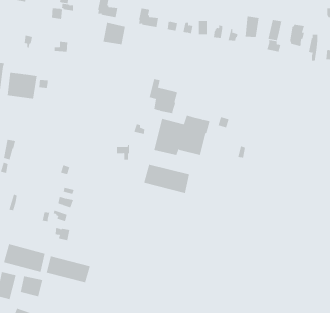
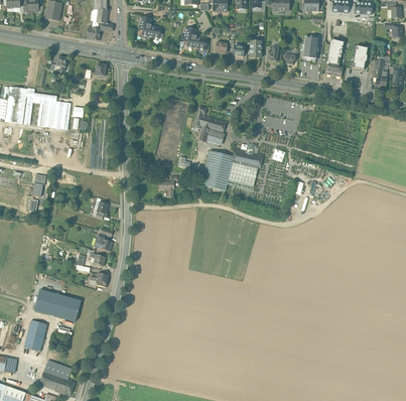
building: [103,22,125,45] -> none
building: [143,164,190,194] -> none
building: [46,255,90,283] -> none
building: [20,276,43,297] -> none

